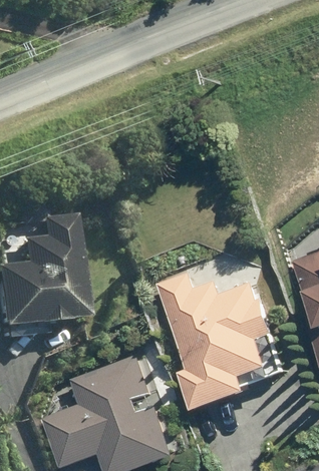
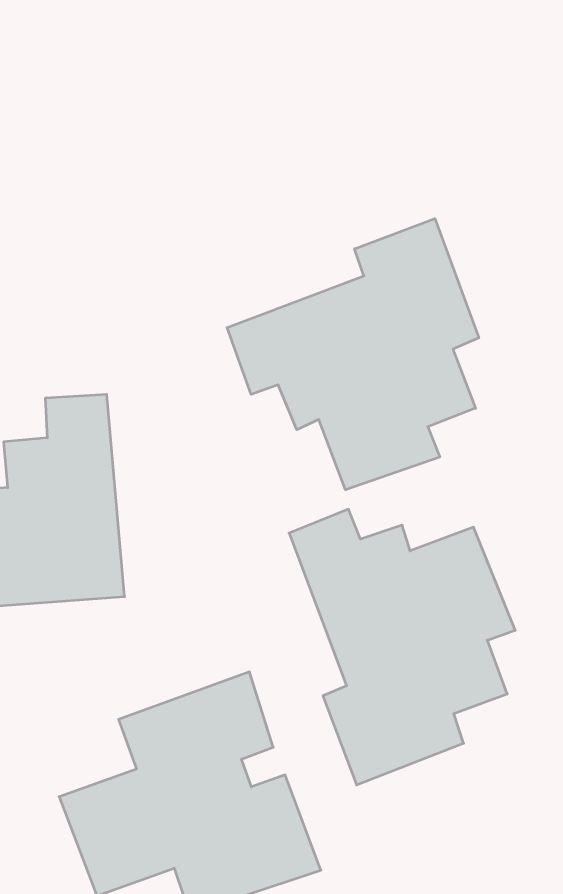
building: none -> [227,219,479,490]

